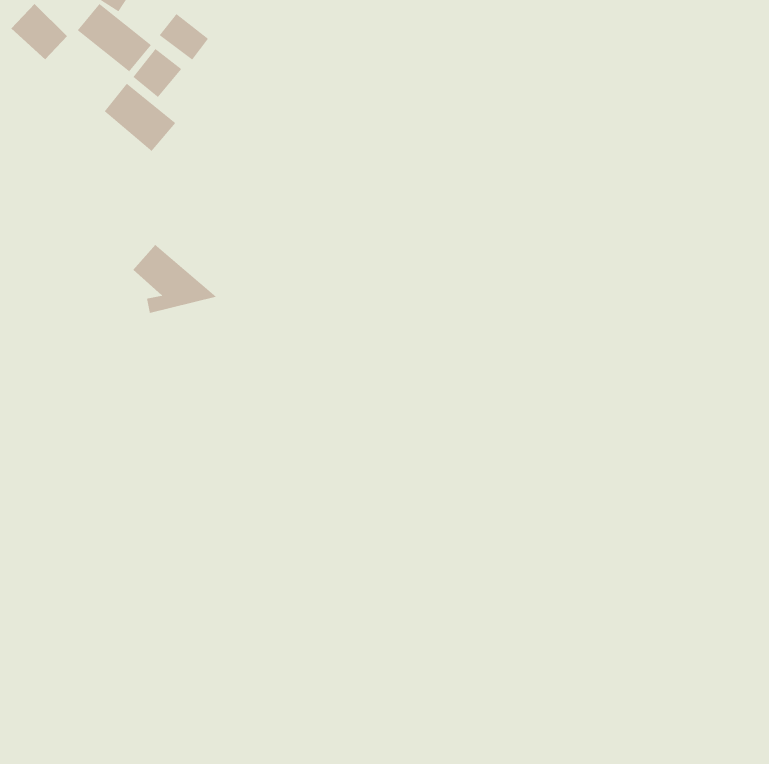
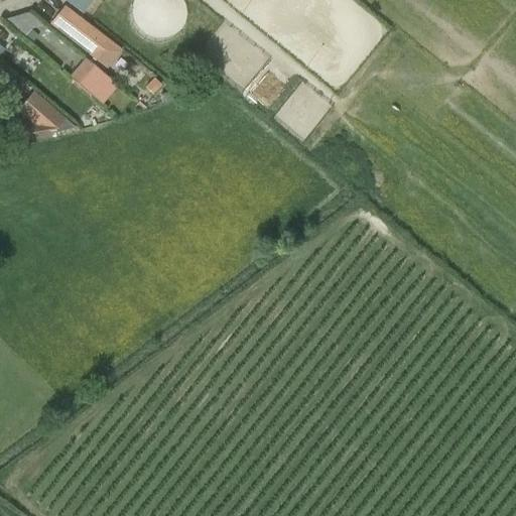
building: [159,13,209,61] -> none
building: [133,244,217,313] -> [19,91,76,137]

